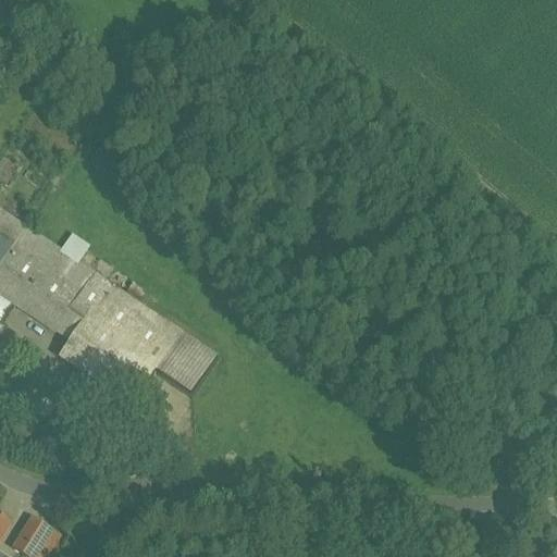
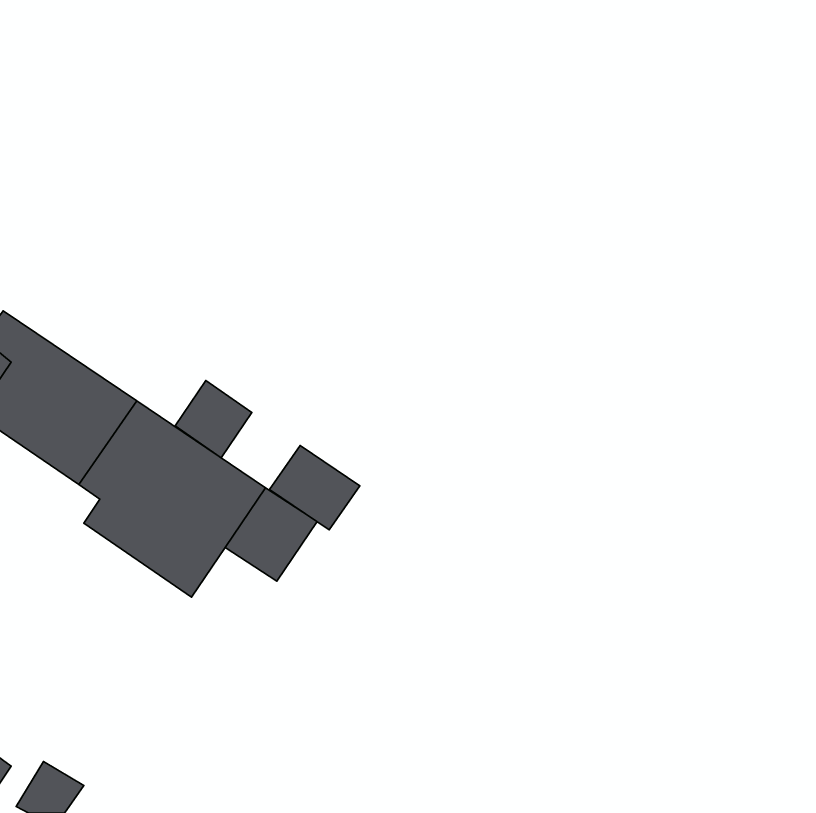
building: none -> [175,381,252,458]
building: none -> [269,445,360,530]

